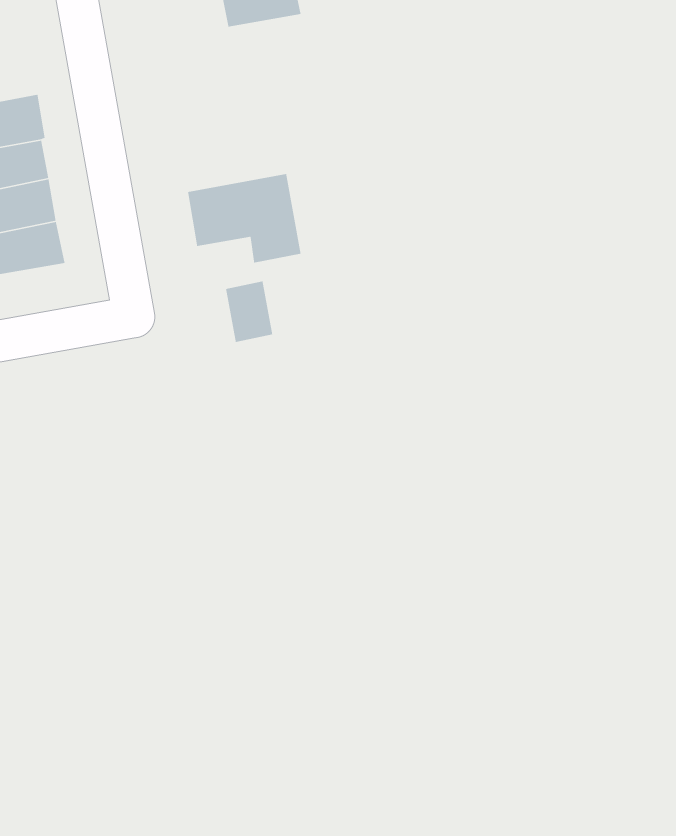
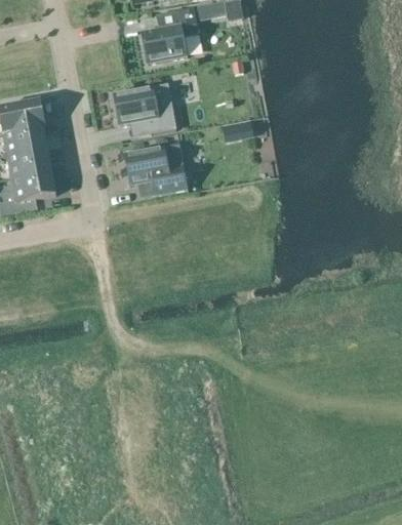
building: none -> [112,83,175,133]
building: [225,281,273,343] -> none

